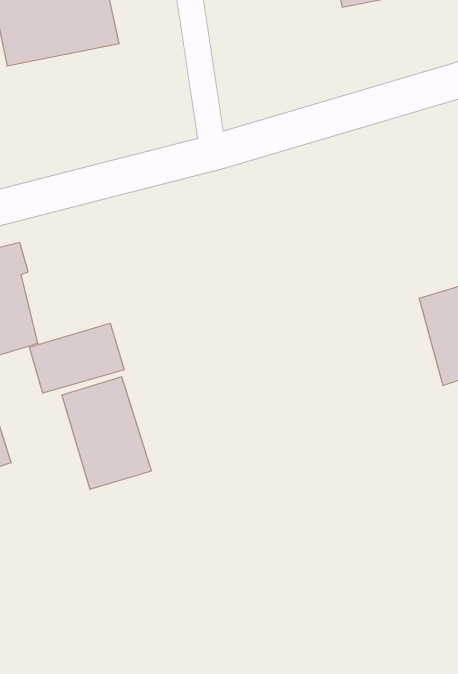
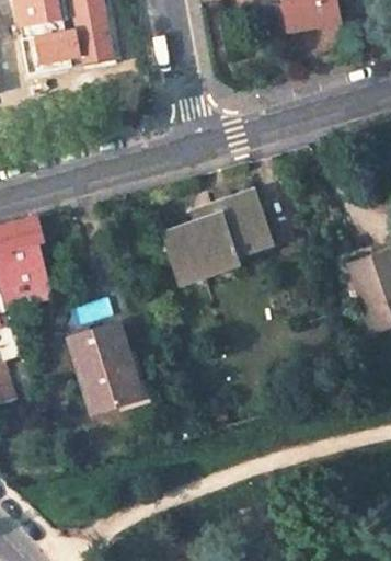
building: none -> [164,191,272,278]
building: [29,323,124,393] -> none

